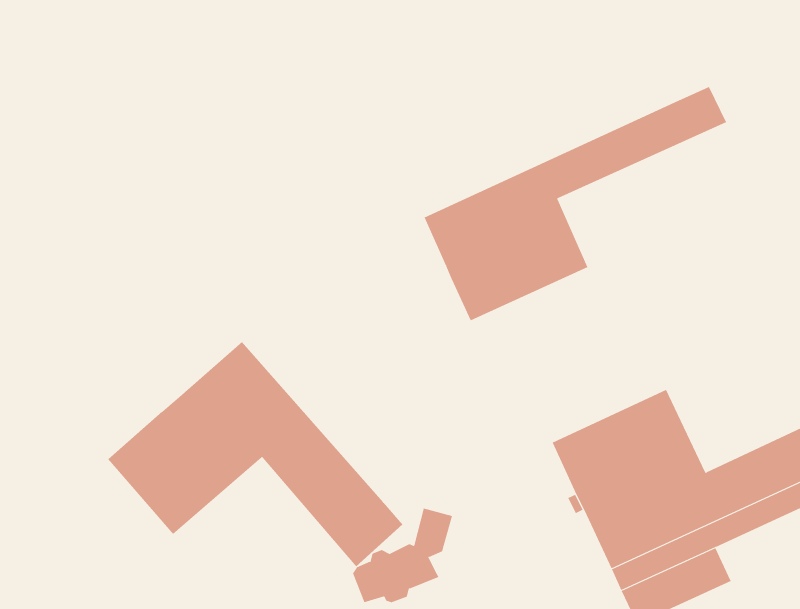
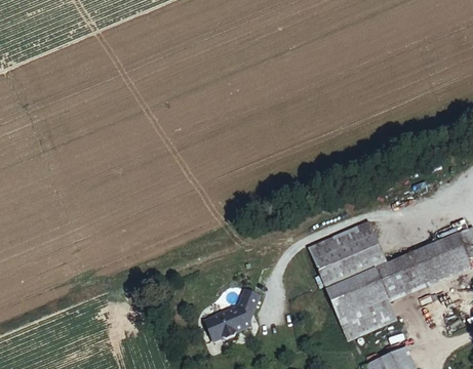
building: [424,86,727,321] -> none
building: [107,341,403,567] -> none

